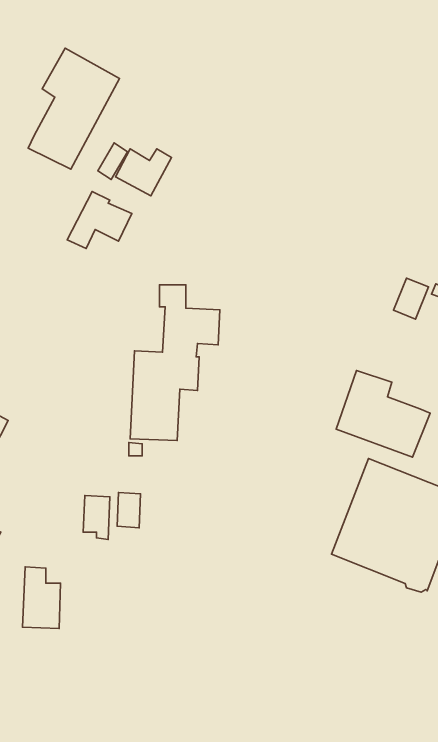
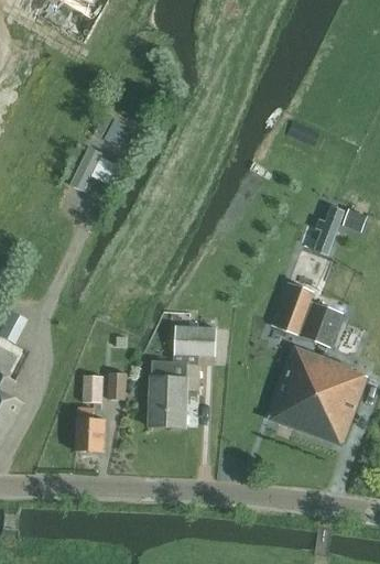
building: [28,48,120,169] -> none
building: [130,285,220,440] -> [149,310,216,426]
building: [22,567,61,629] -> [76,405,105,452]

